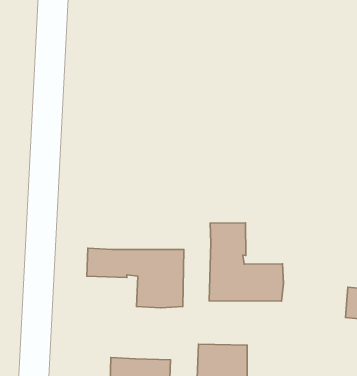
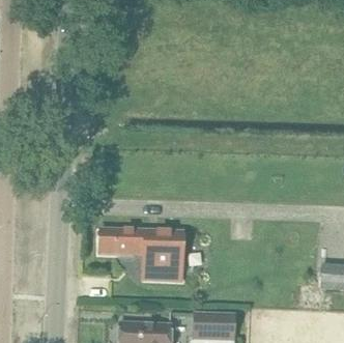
building: [209,223,284,301] -> none

